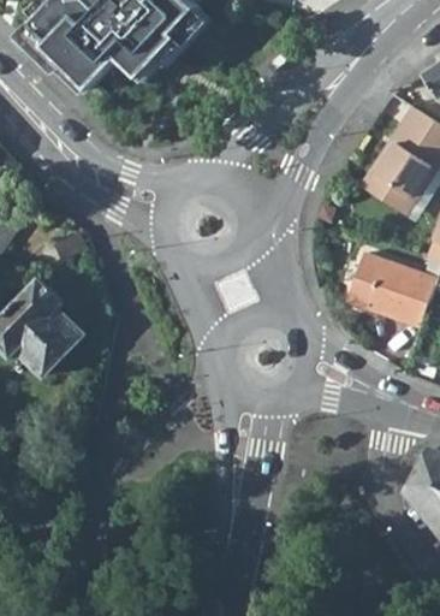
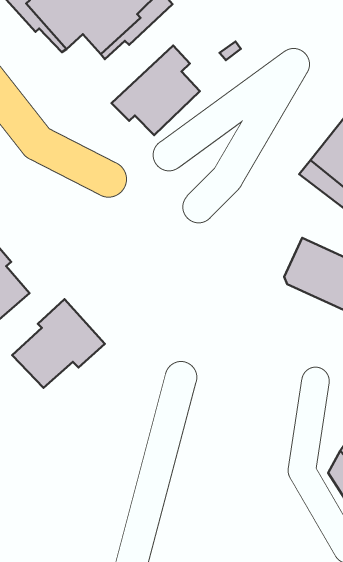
building: none -> [111,46,200,135]
building: none -> [12,299,105,388]

